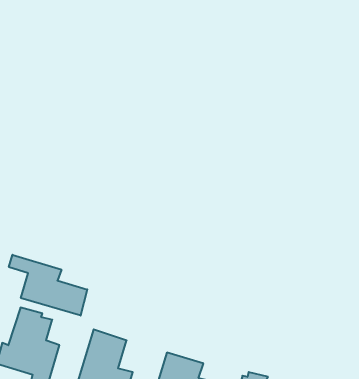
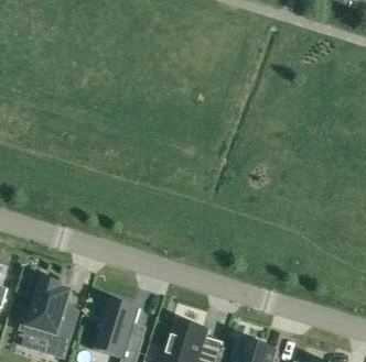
building: [9,255,87,316] -> none

